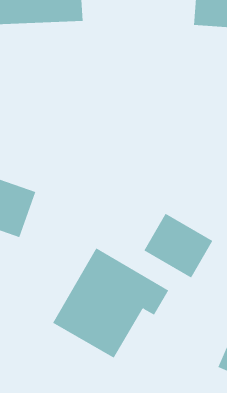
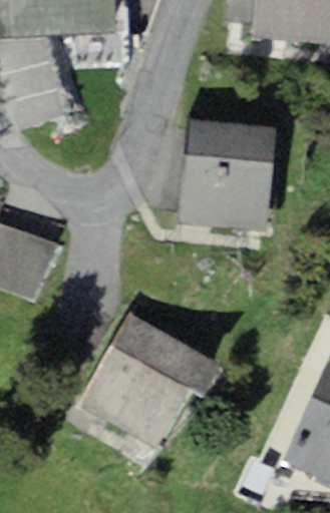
building: none -> [181,118,276,227]
building: [143,213,213,278] -> none

